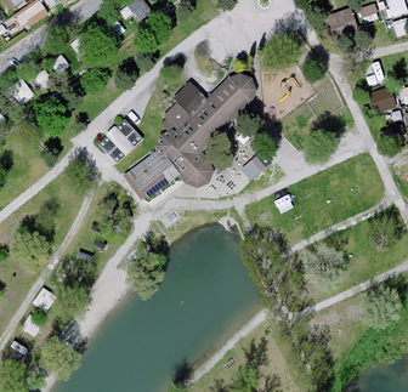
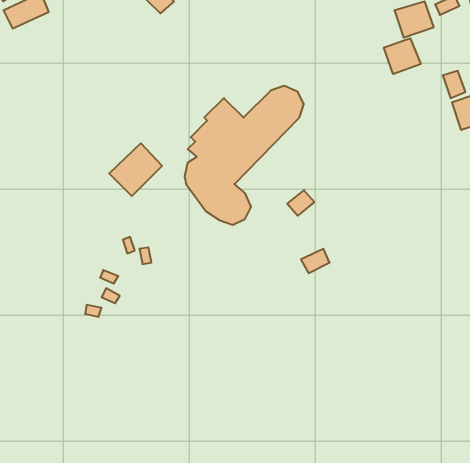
building: none -> [384,38,421,74]
building: [129,154,175,197] -> none

